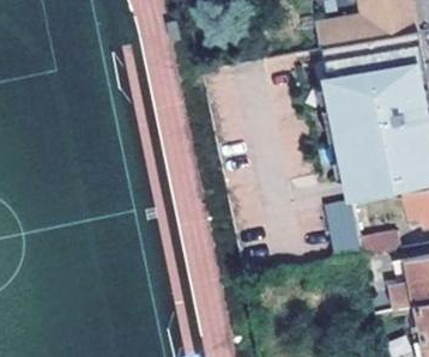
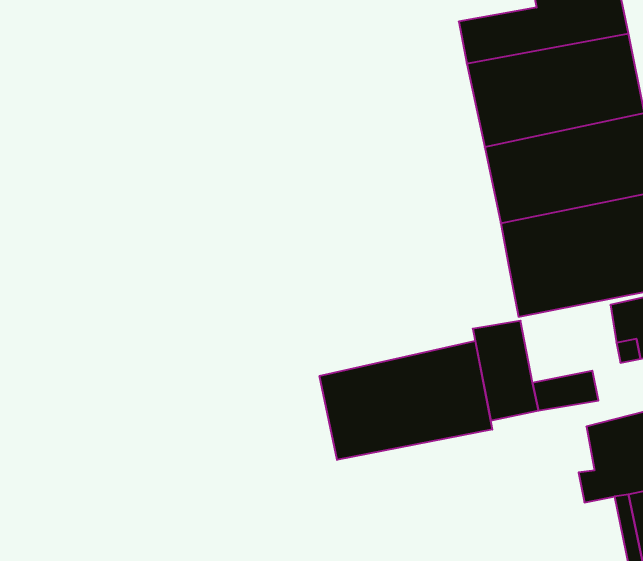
building: none -> [320,341,492,460]

